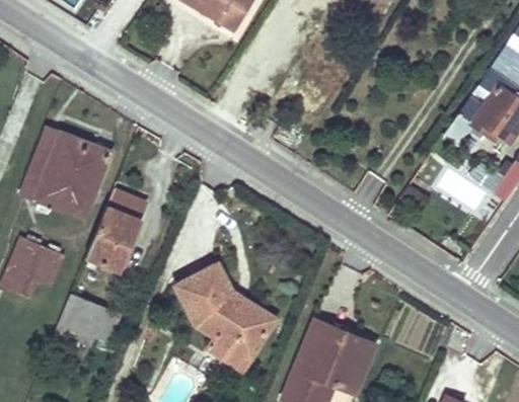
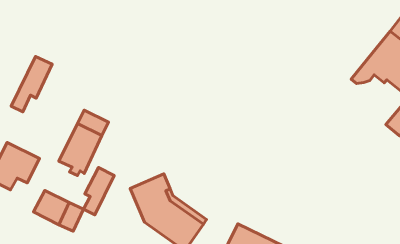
building: [38,137,112,219] -> none
building: none -> [83,167,114,215]

